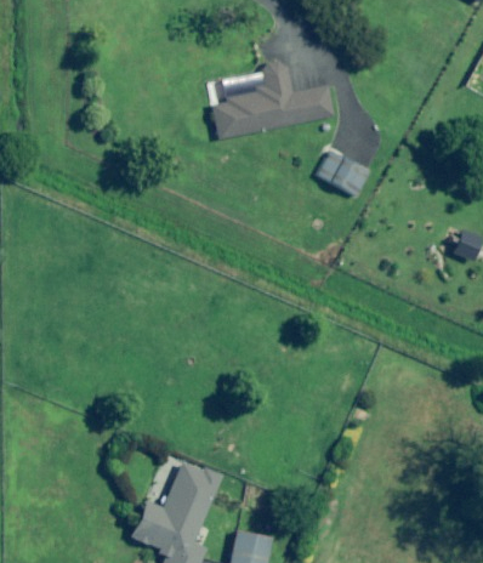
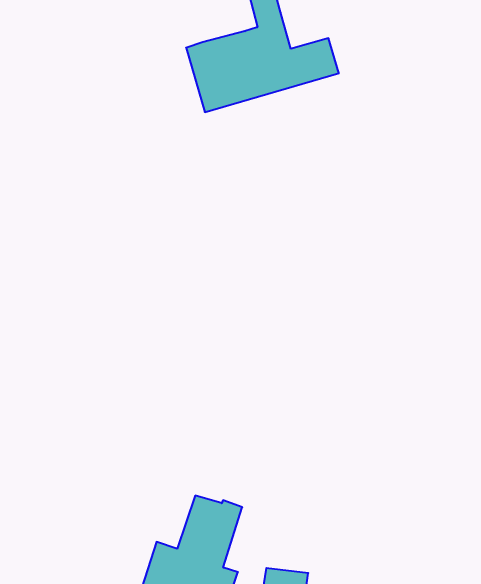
building: [318,148,373,198] -> none

